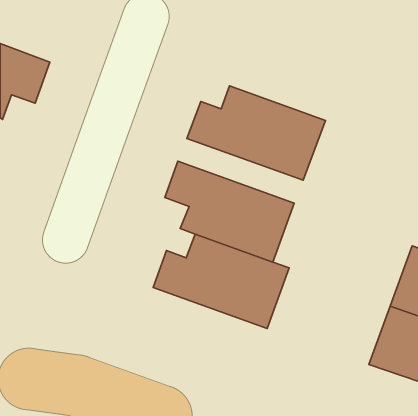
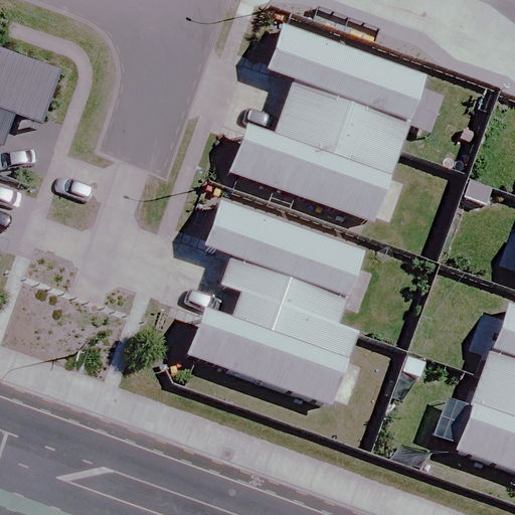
building: none -> [268,24,426,148]

